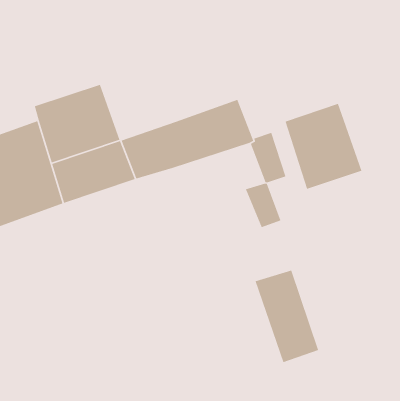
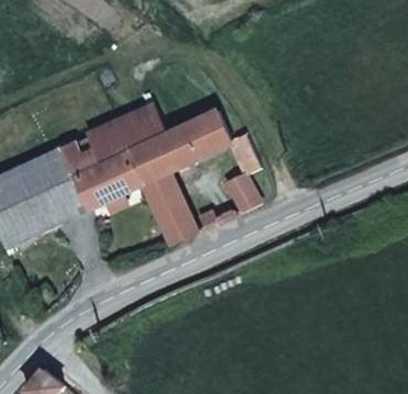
building: none -> [106,93,169,155]
building: [285,103,363,190] -> none
building: [254,270,319,363] -> [143,172,200,247]

